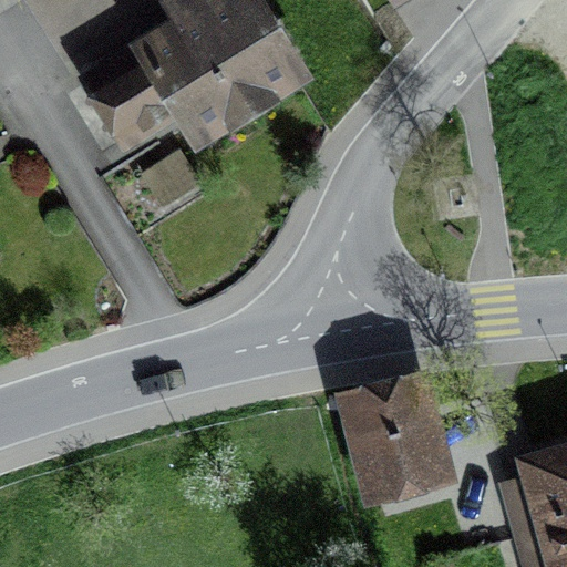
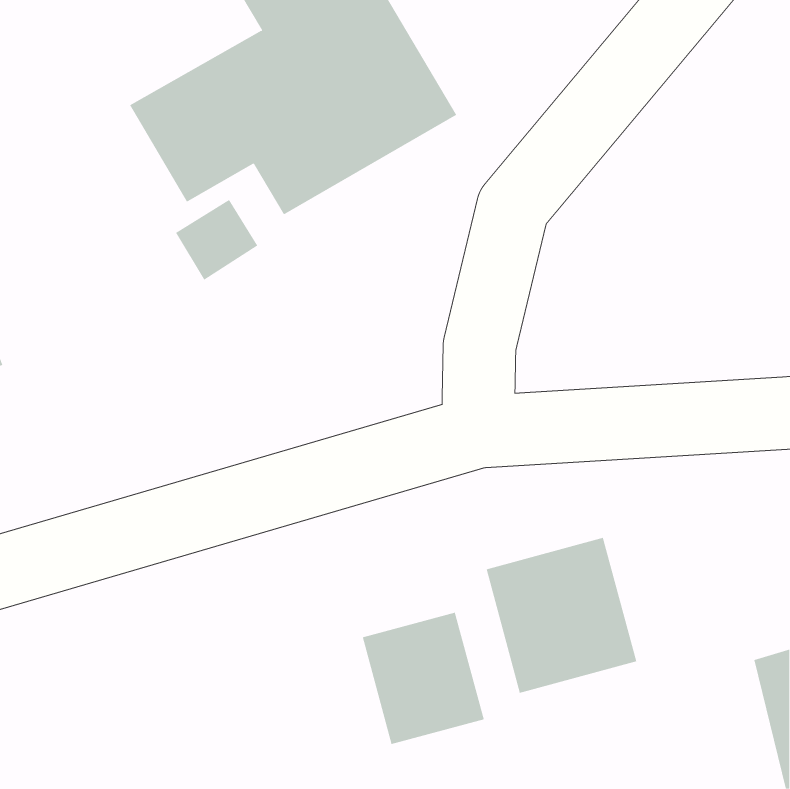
building: none -> [362,612,484,745]

